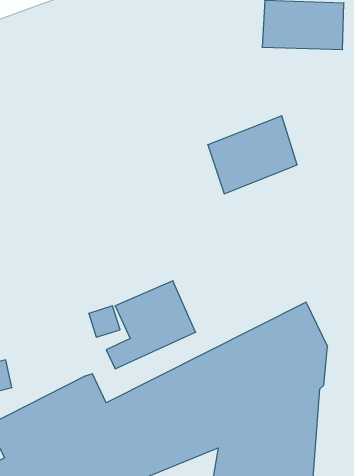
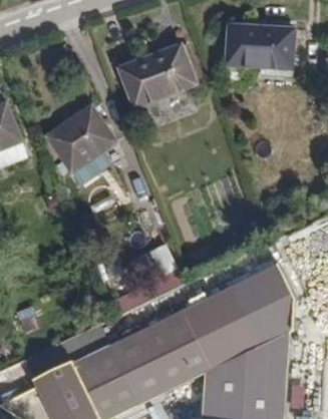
building: none -> [52,104,119,170]
building: [208,116,297,194] -> [124,43,196,105]

